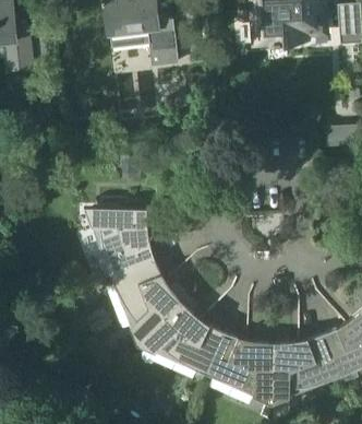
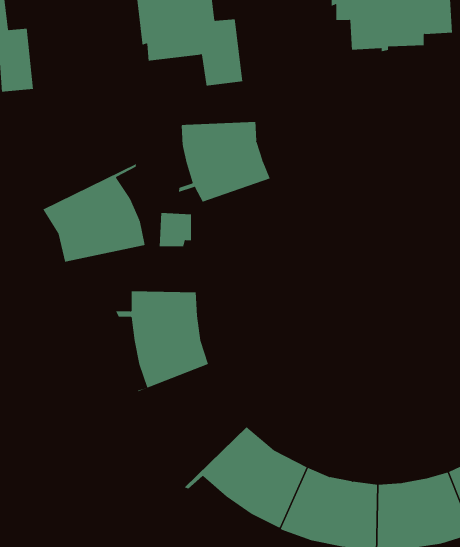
building: none -> [170,121,270,203]
building: none -> [43,163,158,263]
building: [104,261,180,348] -> none

